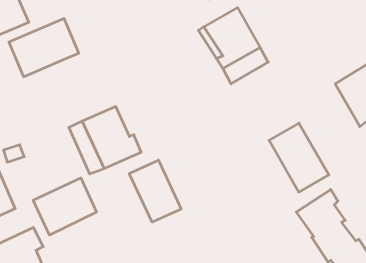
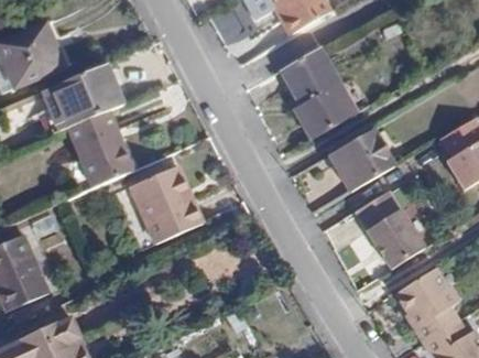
building: none -> [68,109,137,188]
building: none -> [329,129,394,191]
building: [129,160,181,222] -> none
building: [33,178,96,235] -> none

